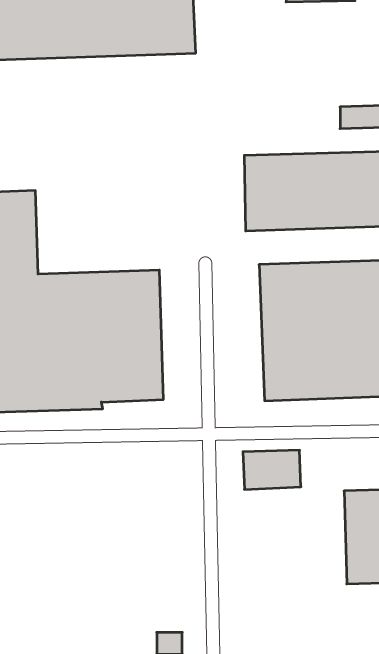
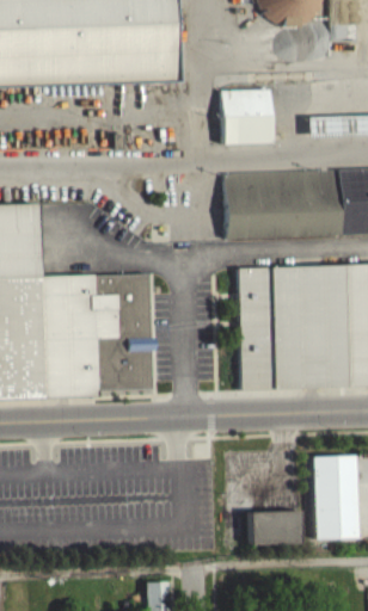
building: none -> [222,98,272,153]
building: [243,450,301,489] -> [250,519,301,554]

